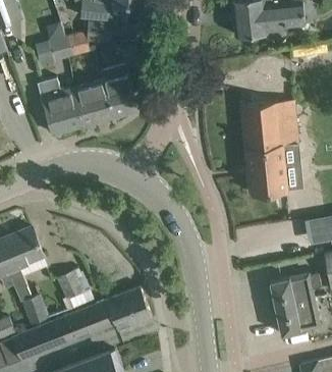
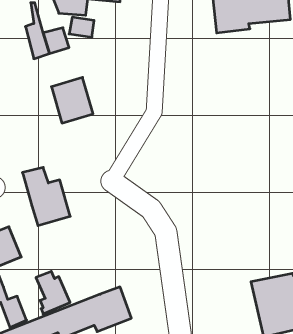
building: [101,64,137,117] -> none
building: [36,78,82,136] -> [22,167,70,226]
building: [240,101,302,195] -> none

